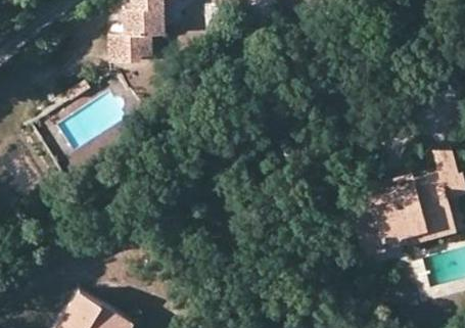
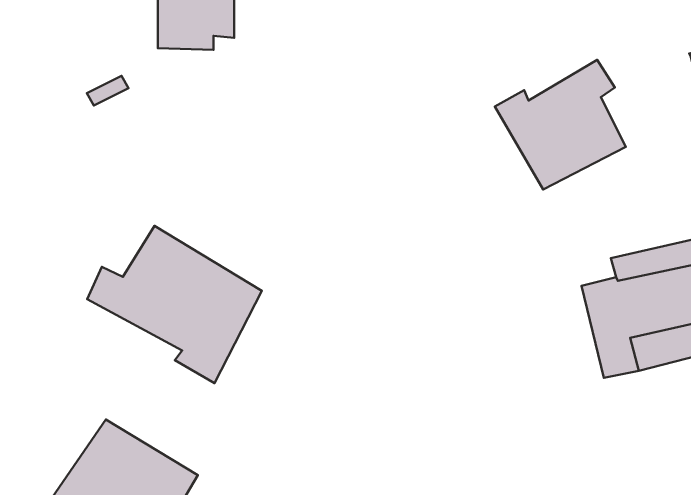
building: none -> [495,60,626,189]
building: none -> [87,226,262,383]

